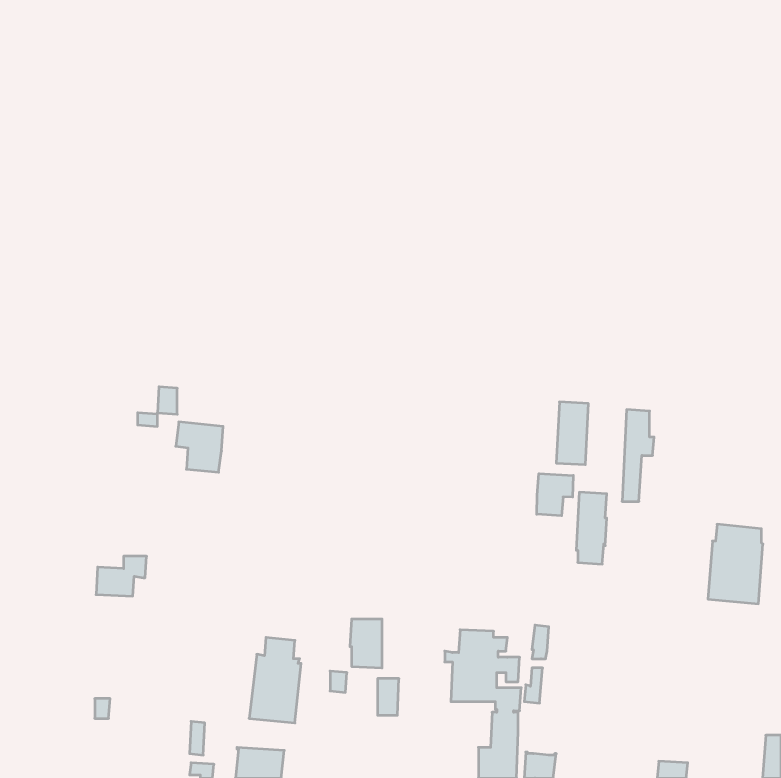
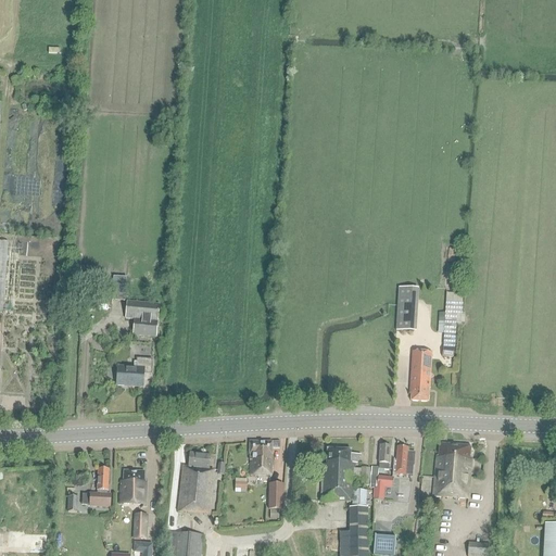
building: [537,474,573,516] -> none
building: [708,524,763,604] -> [432,442,471,498]
building: [96,556,147,596] -> [116,357,152,386]
building: none -> [392,445,414,473]
building: none -> [81,468,111,505]
building: none -> [119,469,146,500]

